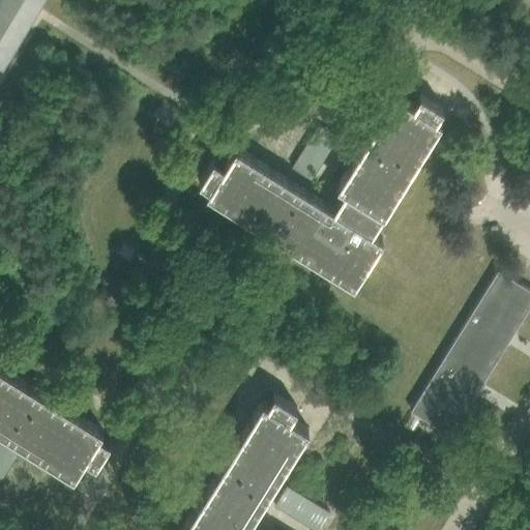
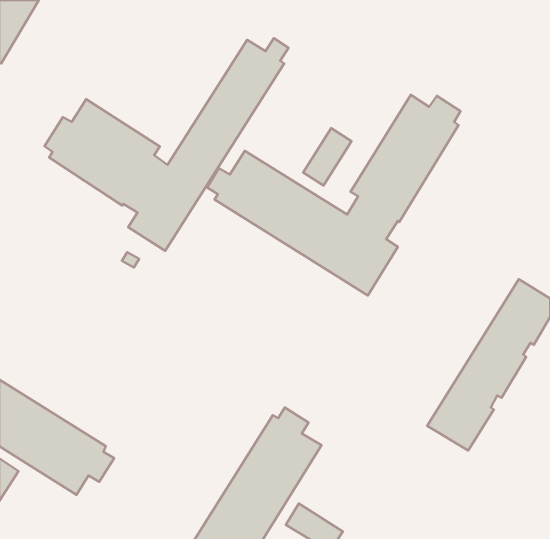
building: none -> [45,38,288,251]

